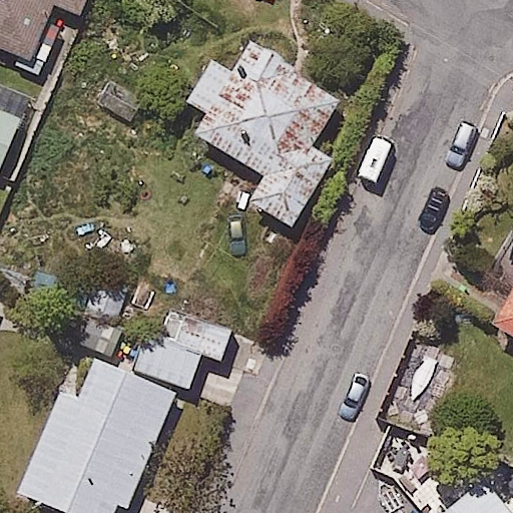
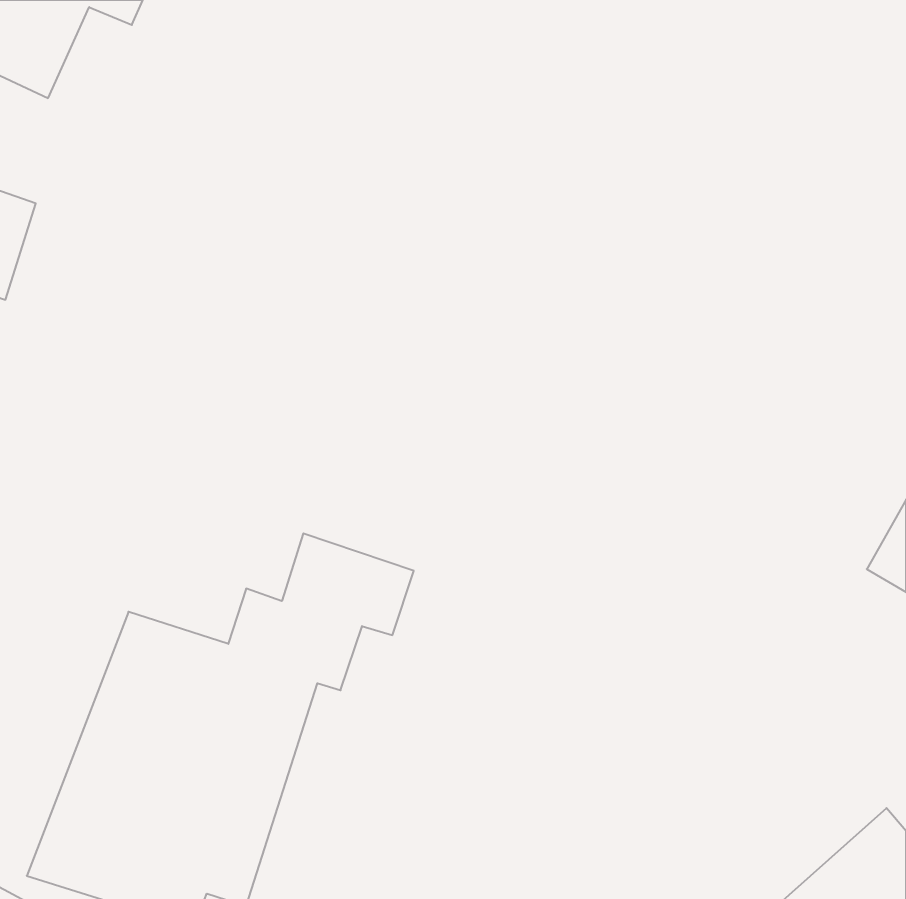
building: [182,32,338,226] -> none

